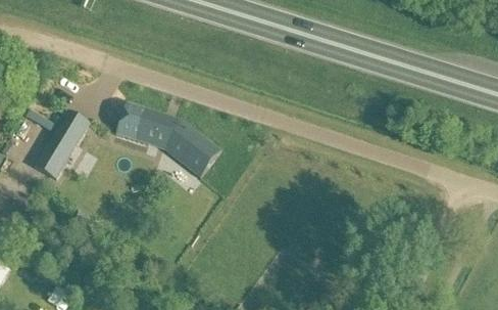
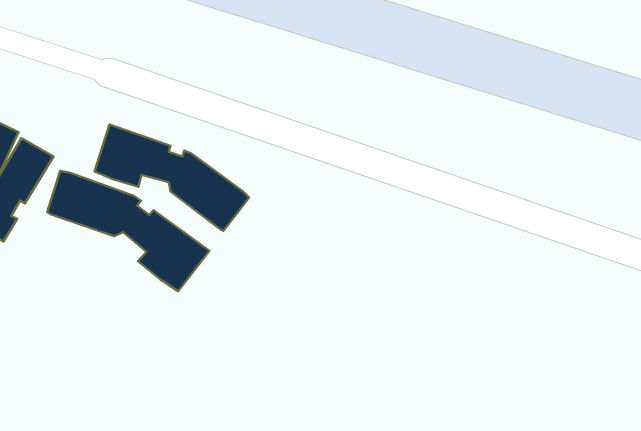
building: none -> [47,171,210,291]

